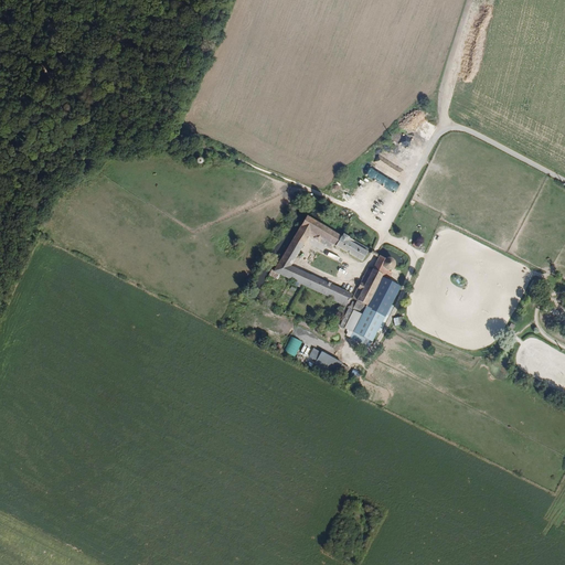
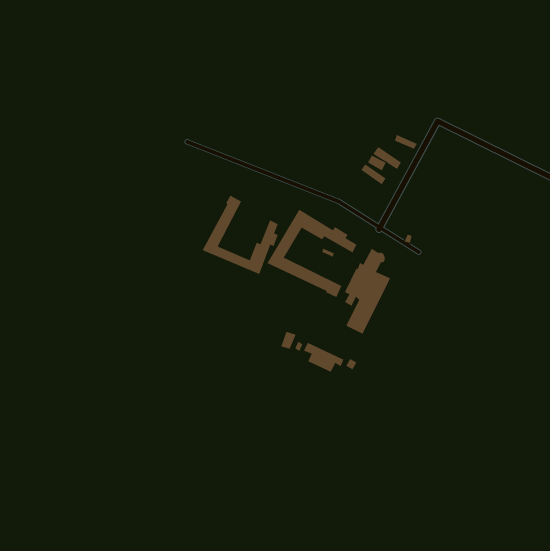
building: none -> [202,195,279,275]

